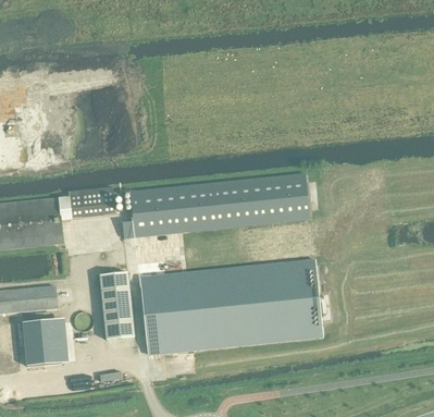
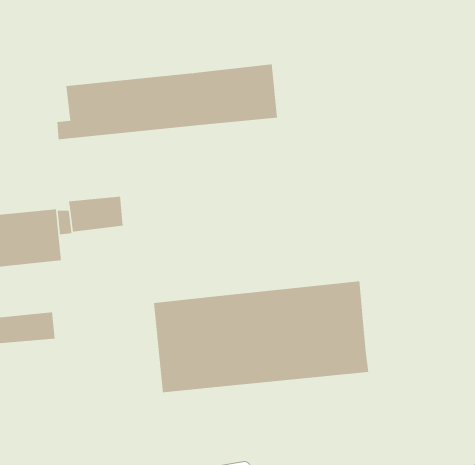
building: [122,173,309,237] -> [57,64,278,140]
building: [99,271,134,340] -> none
building: [21,318,62,365] -> none

